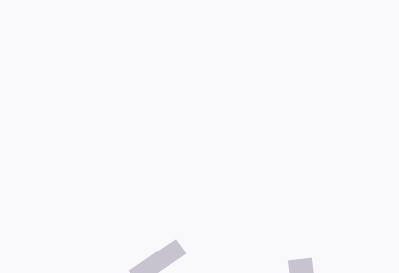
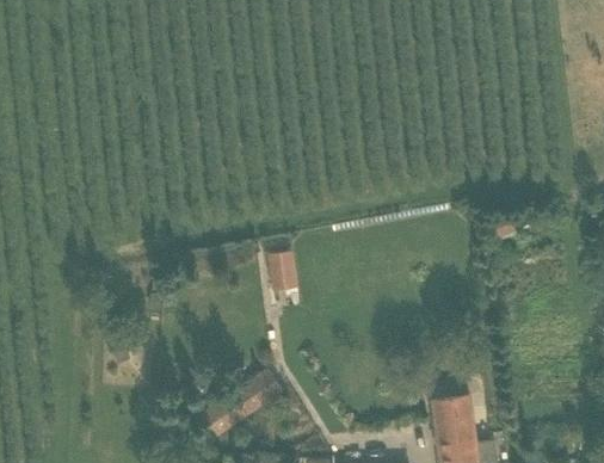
building: none -> [266,249,298,291]

